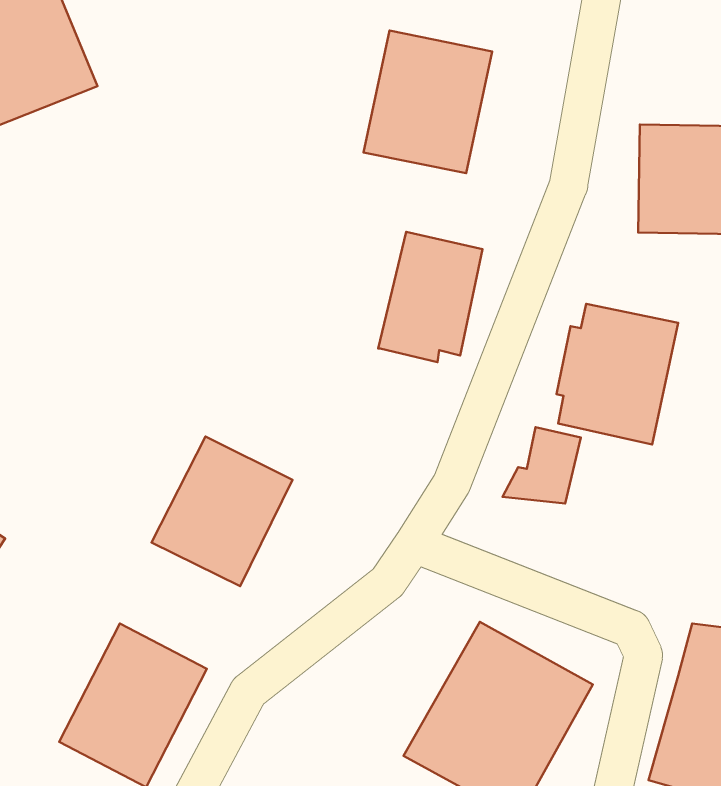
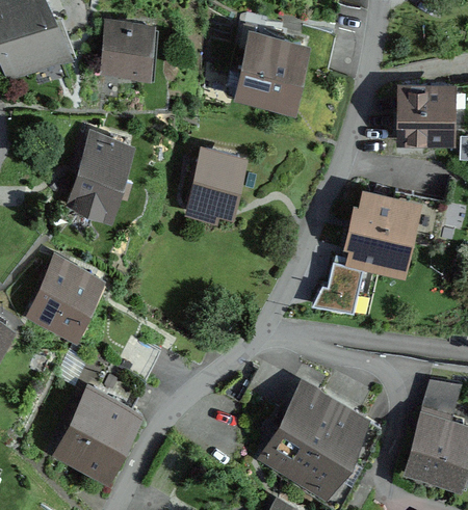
building: none -> [101,22,156,85]
building: none -> [64,132,136,225]
building: [378,232,483,362] -> [182,145,244,223]
building: [152,436,292,586] -> [23,254,107,344]

